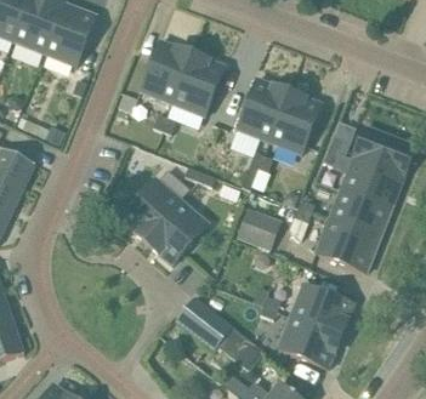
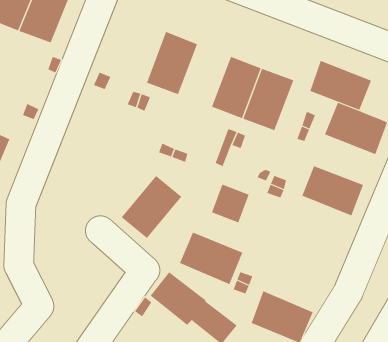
building: [140,40,192,104] -> none
building: [341,156,404,207] -> [309,60,372,110]
building: [120,176,182,240] -> none
building: [316,218,380,270] -> none
building: [290,283,354,336] -> [179,232,243,285]

